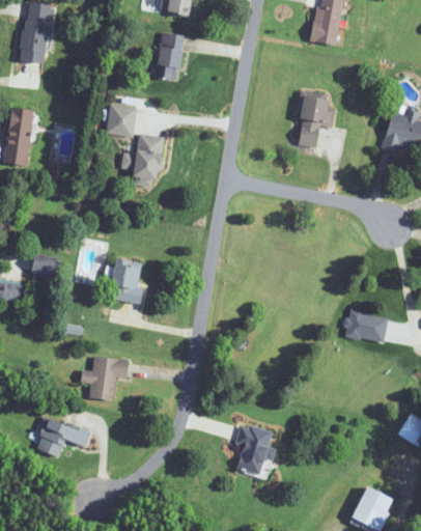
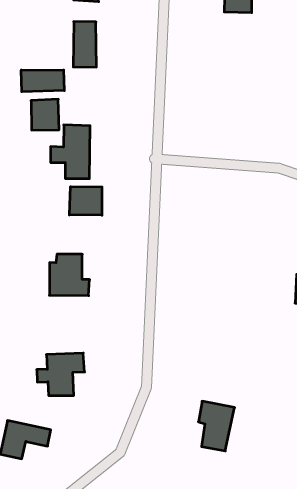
building: none -> [21,70,64,92]
building: [297,94,336,147] -> none
building: none -> [69,187,102,215]

